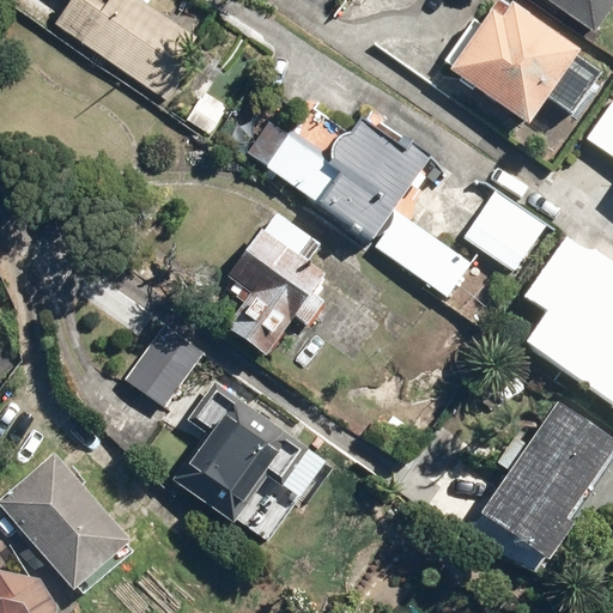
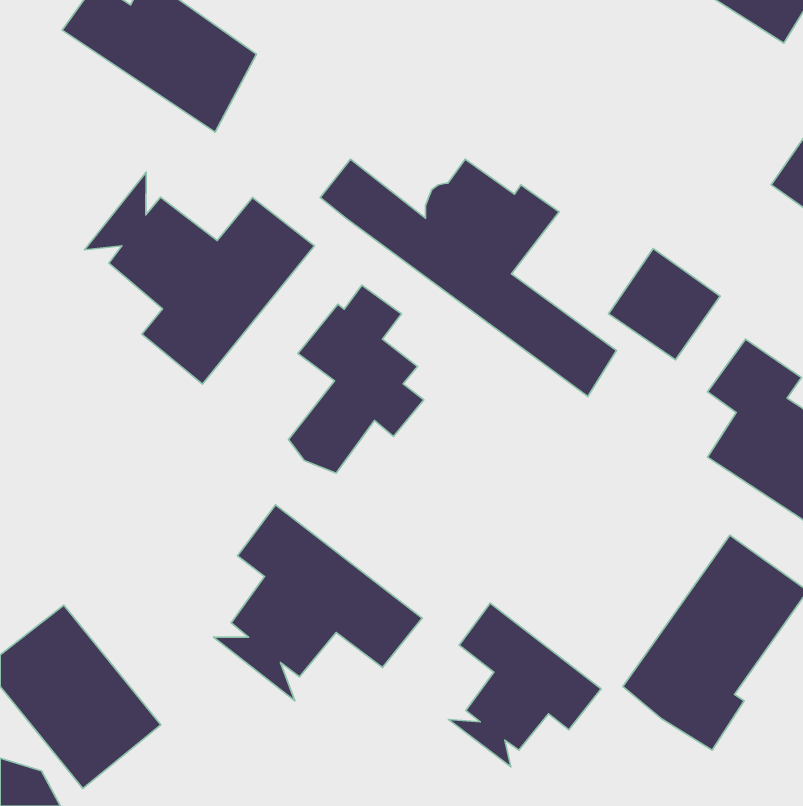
building: [444,6,576,128] -> none
building: none -> [84,172,314,384]
building: [128,323,207,406] -> none
building: none -> [449,603,601,767]

